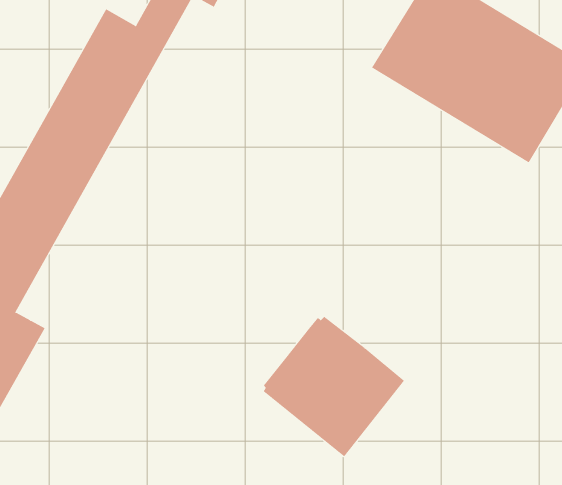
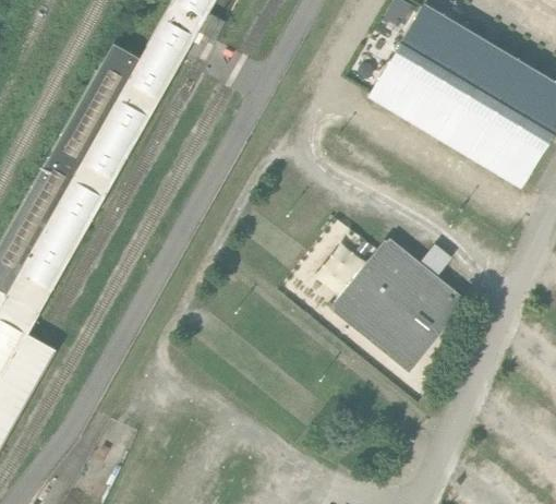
building: [263,316,405,457] -> [329,236,466,371]

